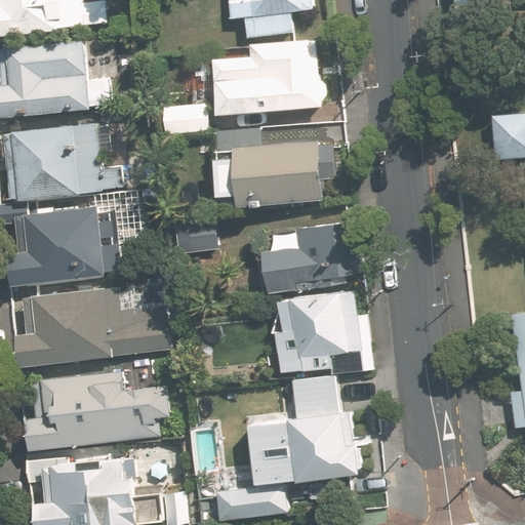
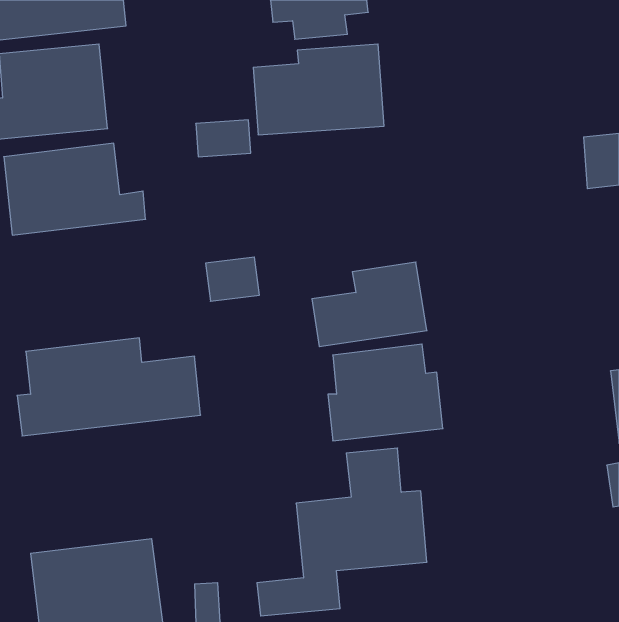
building: [215,127,321,204] -> none
building: [7,206,106,286] -> none
building: [26,372,169,451] -> none

